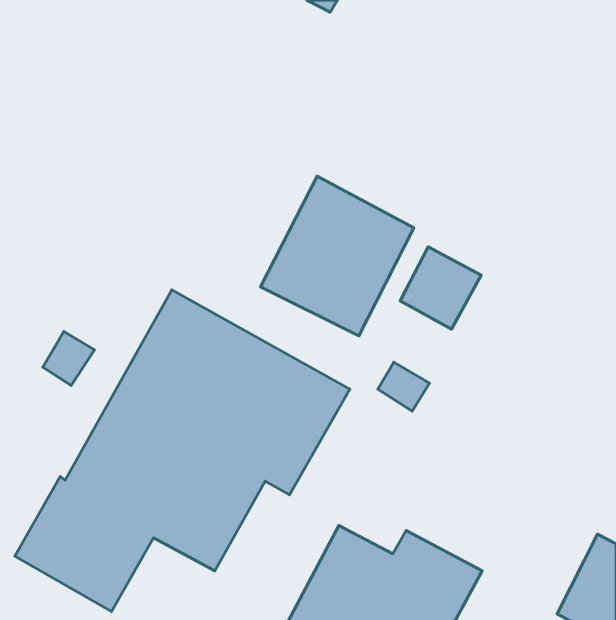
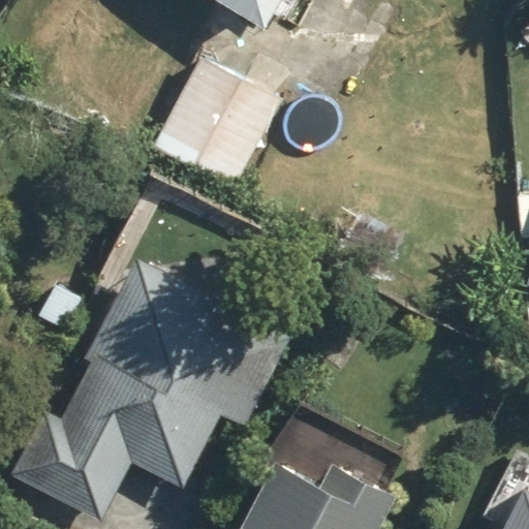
building: [261,176,414,336] -> [153,55,282,189]

